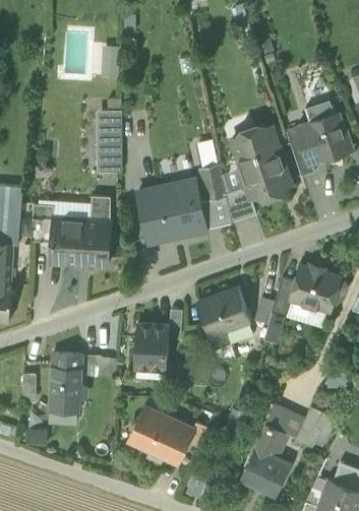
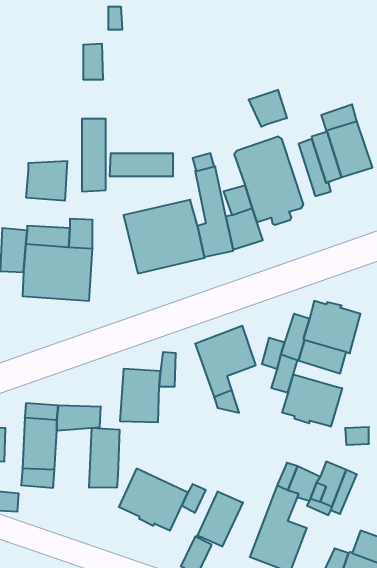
building: none -> [249,90,287,127]
building: none -> [110,153,173,177]
building: none -> [26,161,67,201]
building: none -> [282,375,342,427]
building: none -> [89,428,119,488]
building: none -> [197,491,243,547]

